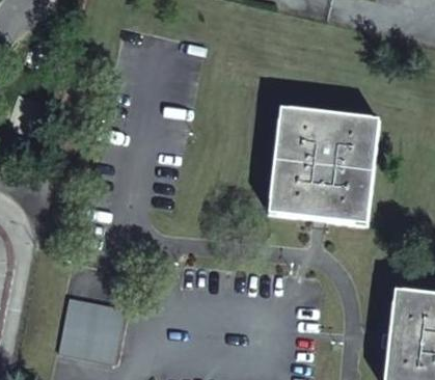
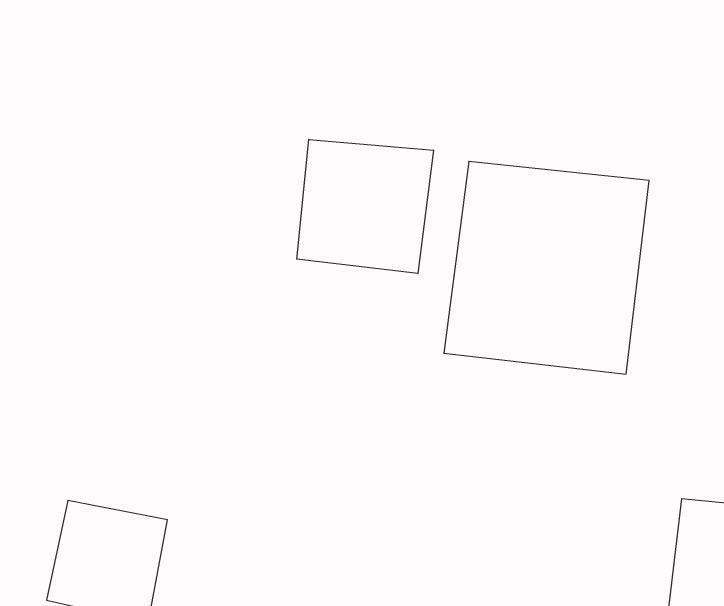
building: none -> [297,139,433,274]

